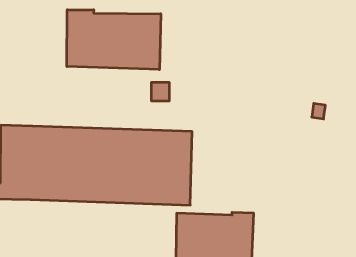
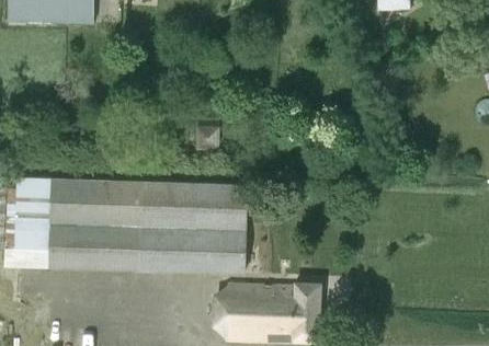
building: [67,10,161,70] -> none

